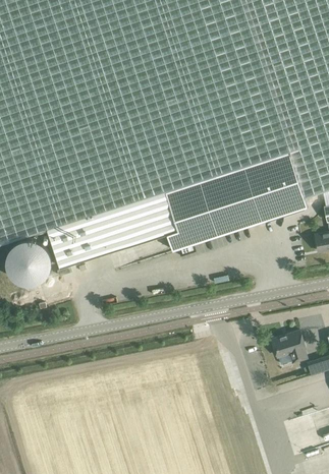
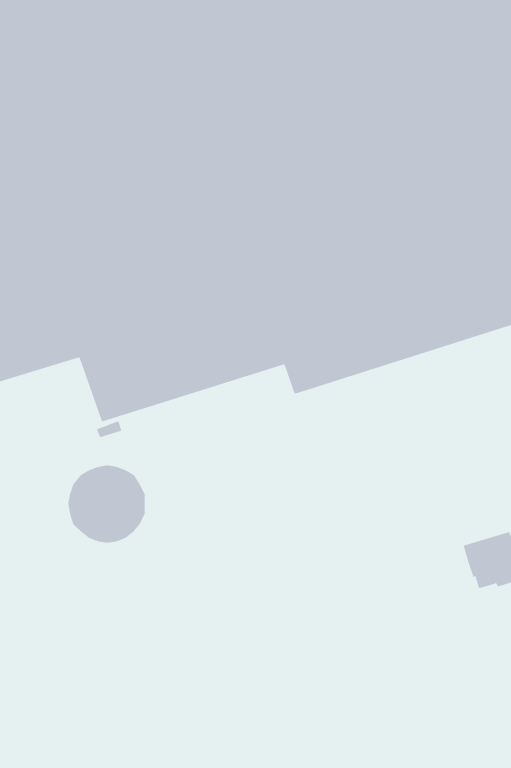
building: [5,238,51,284] -> [67,465,146,543]

